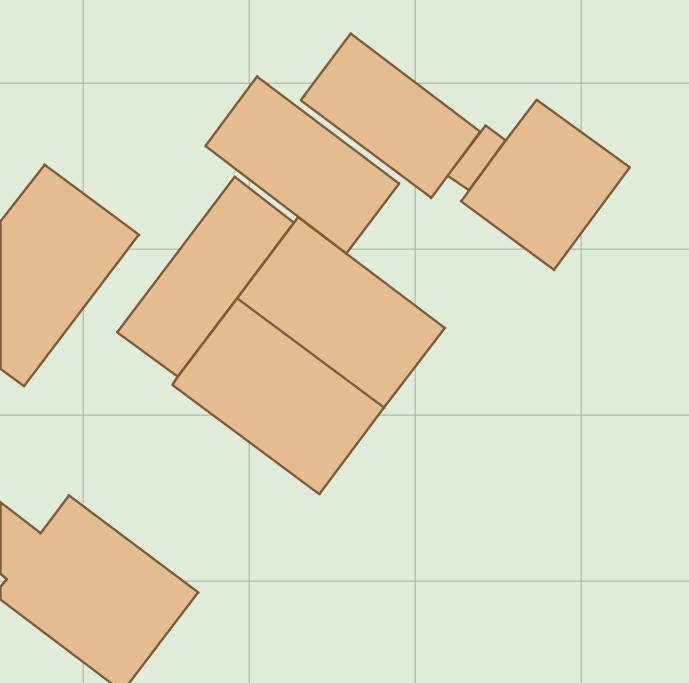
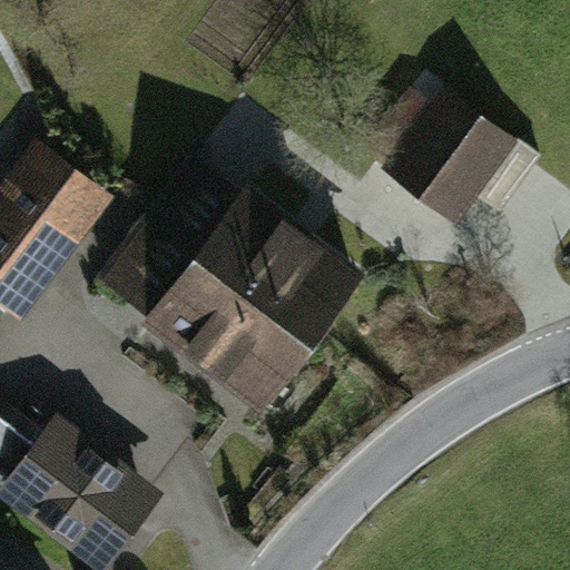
building: [301,34,480,198] -> none
building: [206,76,399,254] -> none

